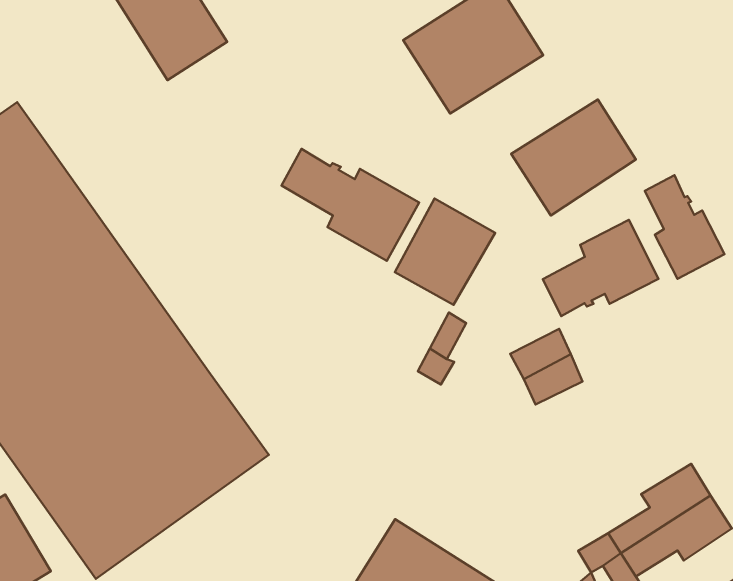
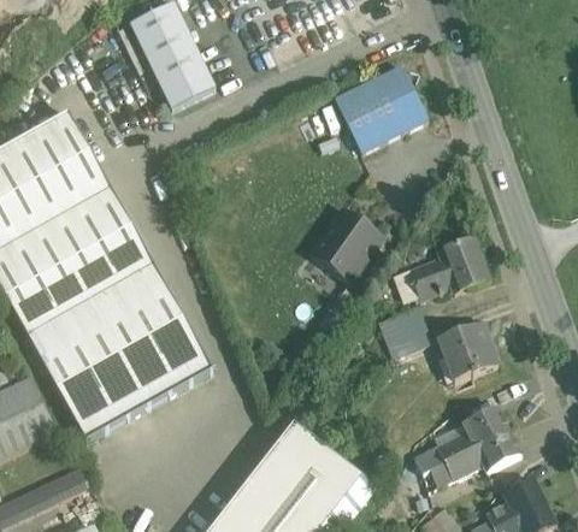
building: [511,100,636,216] -> none
building: [282,149,419,261] -> none
building: [645,175,725,279] -> none
building: none -> [438,323,497,377]

